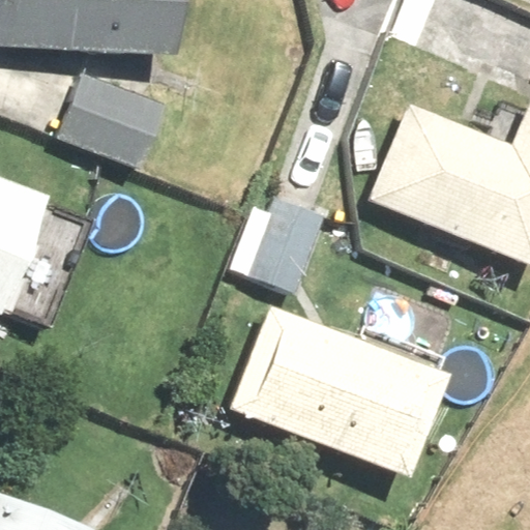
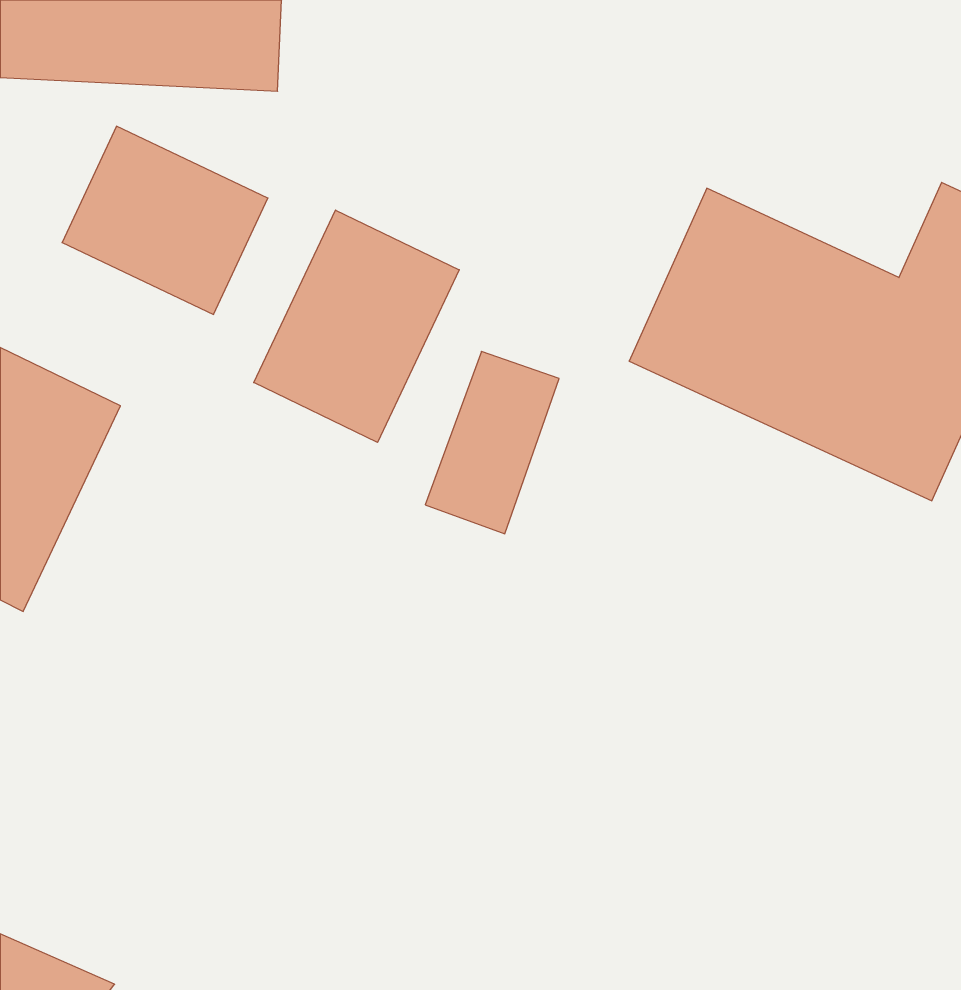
building: none -> [254,210,459,442]
building: [215,301,443,471] -> none

